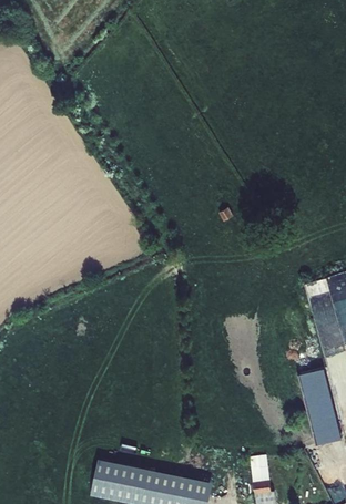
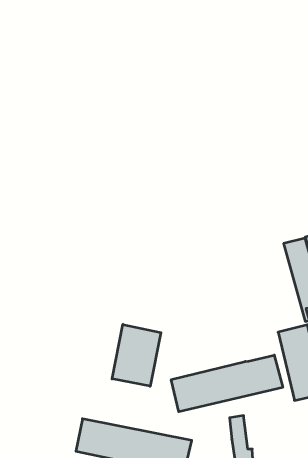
building: none -> [112,324,161,386]
building: none -> [171,355,283,412]

